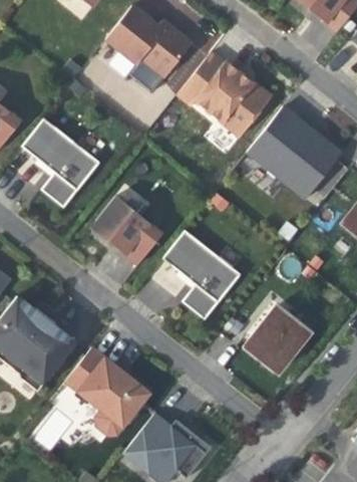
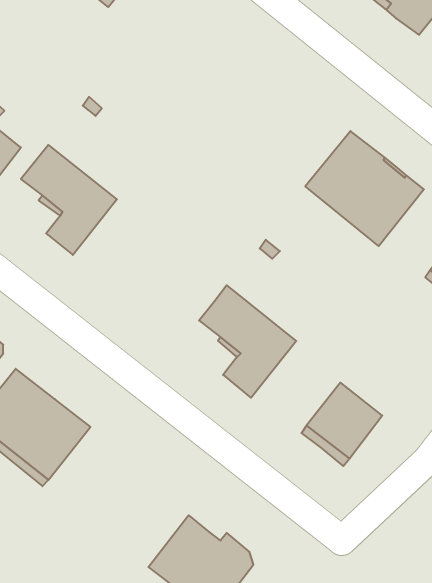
building: [104,8,191,79] -> none
building: [177,53,272,136] -> none
building: [107,206,175,274] -> none
building: [65,347,149,436] -> none

